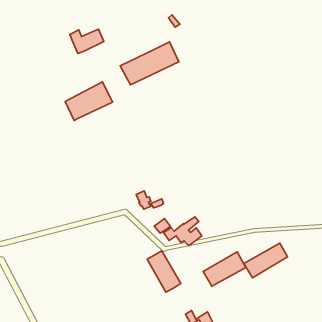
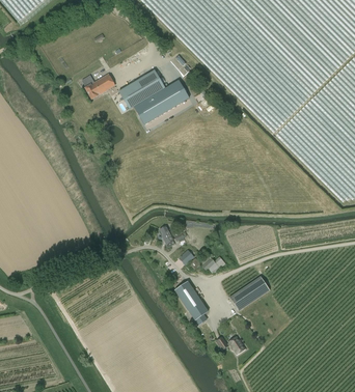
building: [65,82,113,121] -> [119,69,165,109]
building: [244,243,288,278] -> none

